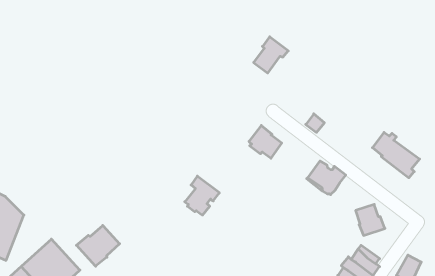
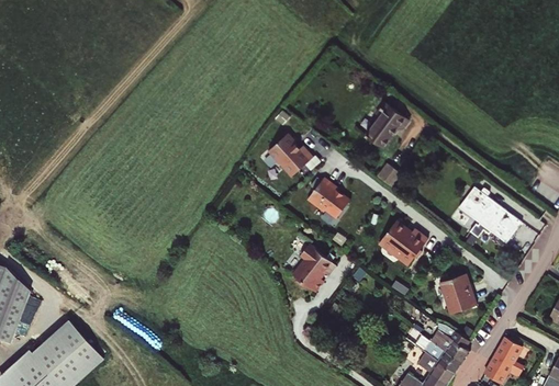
building: [254,37,288,73] -> [367,103,410,148]
building: none -> [268,134,313,177]
building: [185,176,219,215] -> [291,247,334,295]
building: [76,225,120,266] -> none

